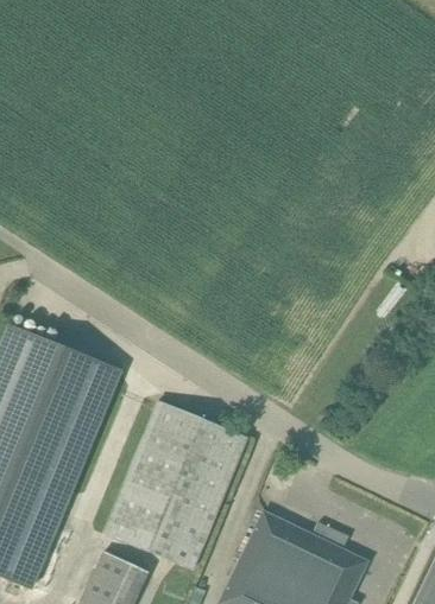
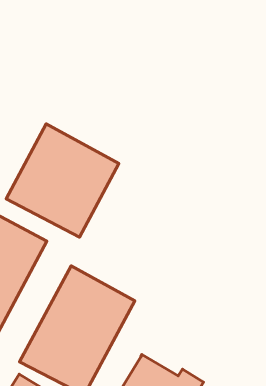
building: none -> [6,124,119,237]

